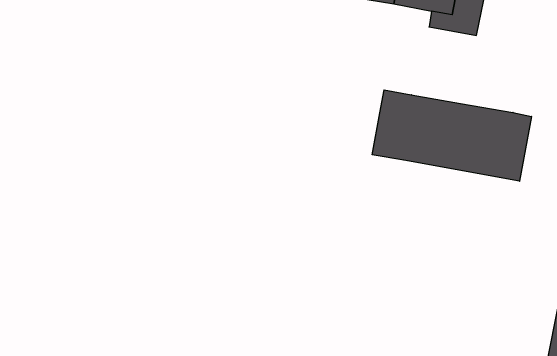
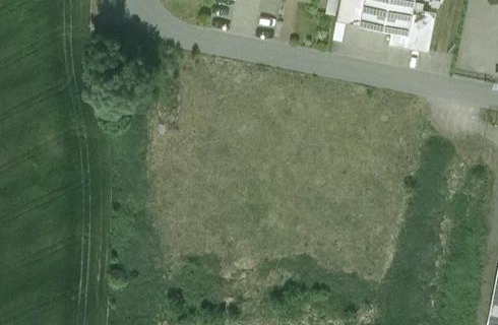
building: [372,90,531,181] -> none

